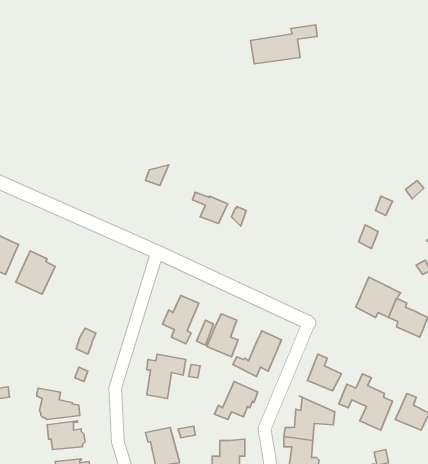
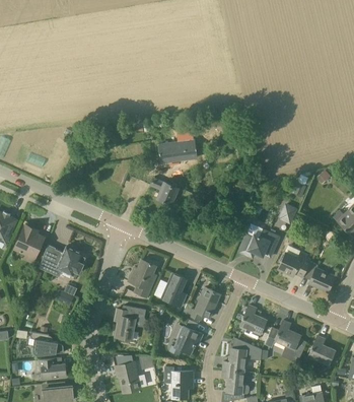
building: [250,25,317,64] -> [158,132,210,162]
building: none -> [239,224,279,256]
building: none -> [40,245,83,277]

